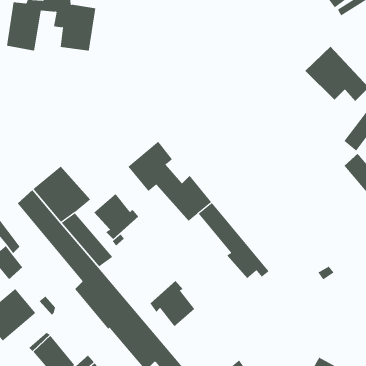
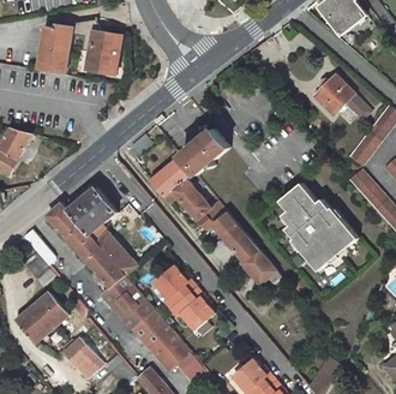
building: none -> [180,129,229,177]
building: none -> [278,184,356,271]
building: [94,193,139,240] -> [151,263,193,306]

